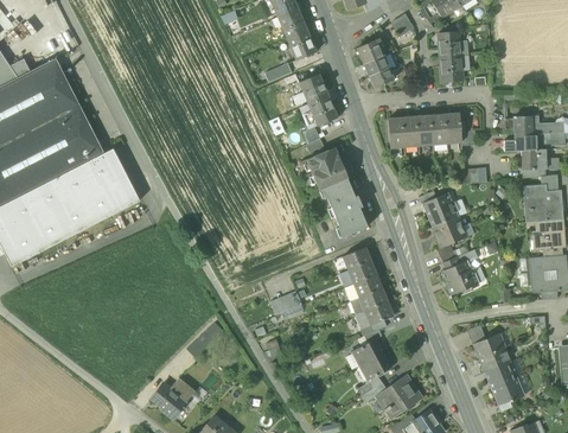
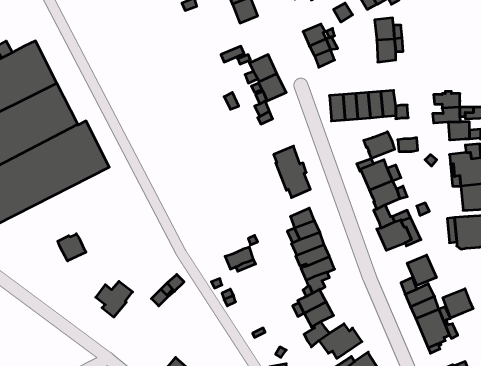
building: [286,30,315,61] -> none
building: [306,147,346,189] -> none
building: none -> [364,132,395,159]
building: none -> [58,234,86,261]
building: none -> [407,255,436,285]
building: none -> [443,289,473,318]
building: [152,378,193,419] -> [96,281,133,317]

